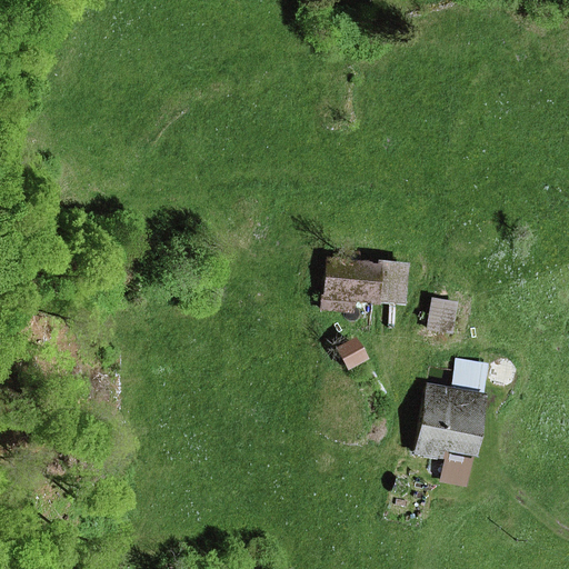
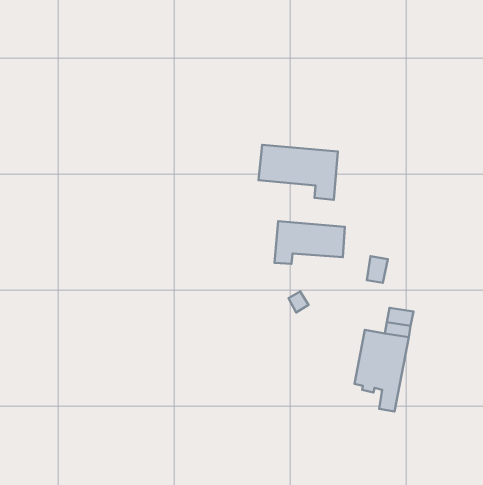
building: none -> [258,145,338,200]

